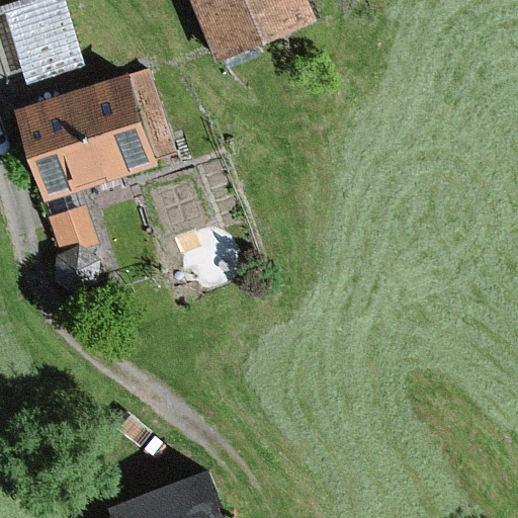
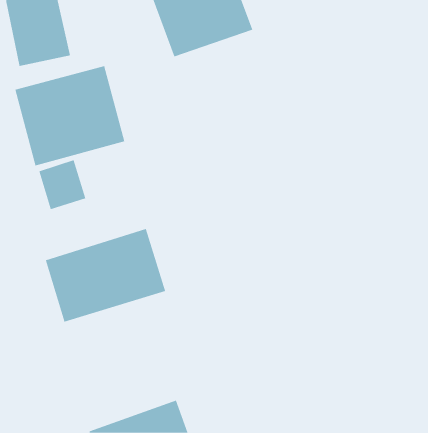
building: none -> [45,228,166,322]

